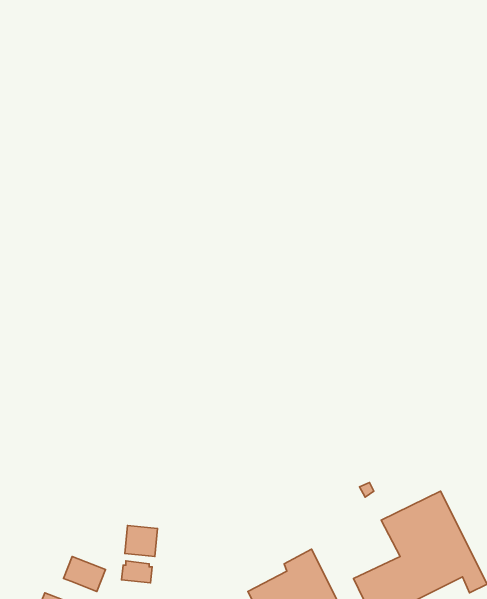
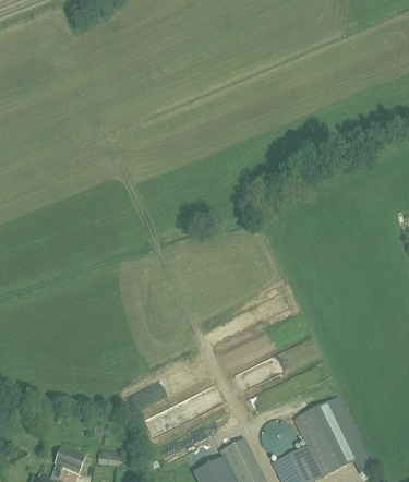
building: none -> [261,418,296,453]
building: [125,525,158,556] -> none

